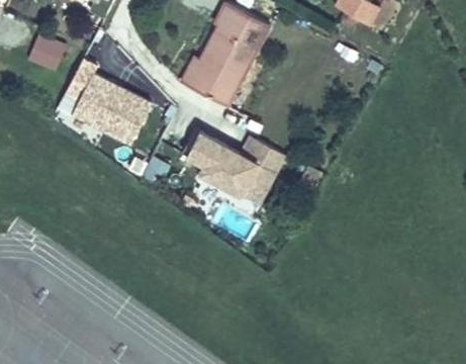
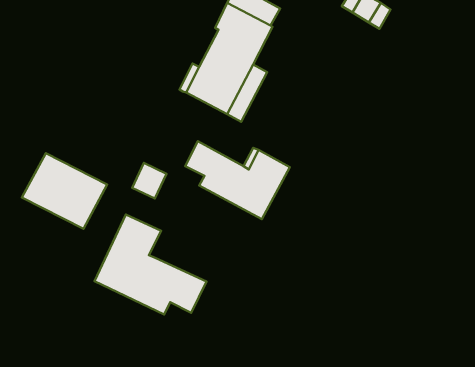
building: [27,35,66,73] -> none
building: [70,72,150,143] -> [22,153,107,229]
building: none -> [94,215,207,315]

